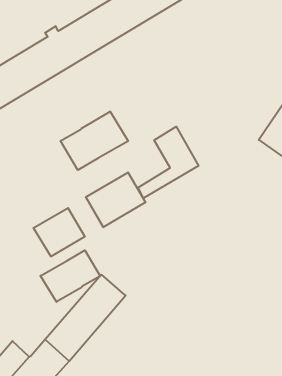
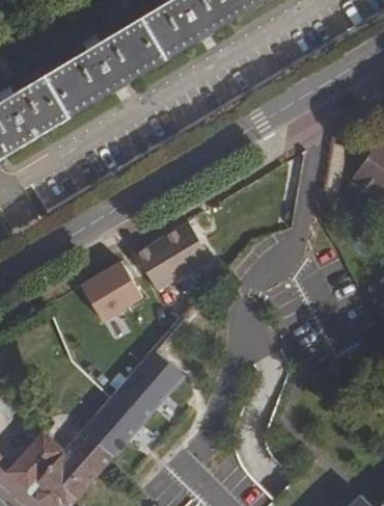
building: [61,111,128,170] -> none
building: [138,127,199,198] -> none
building: [40,250,100,302] -> none

